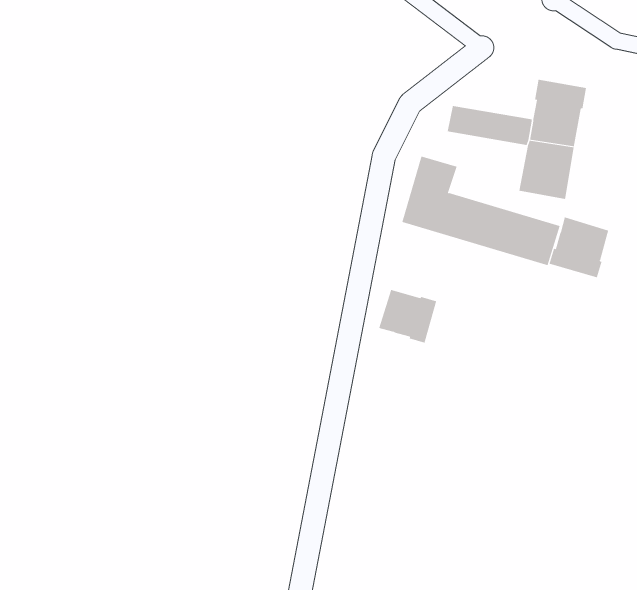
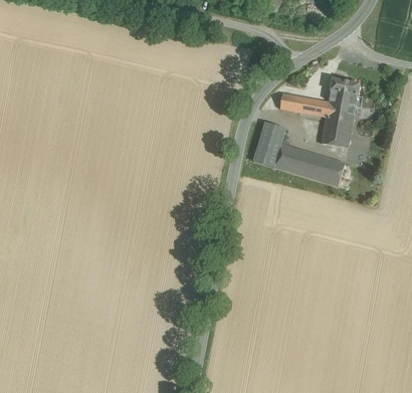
building: [549,217,609,278] -> none
building: [379,289,437,343] -> none

